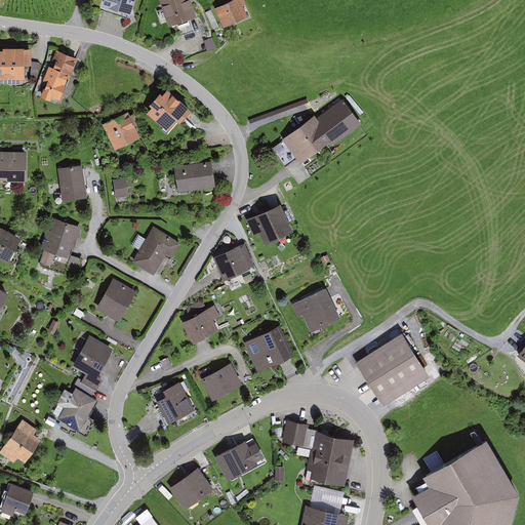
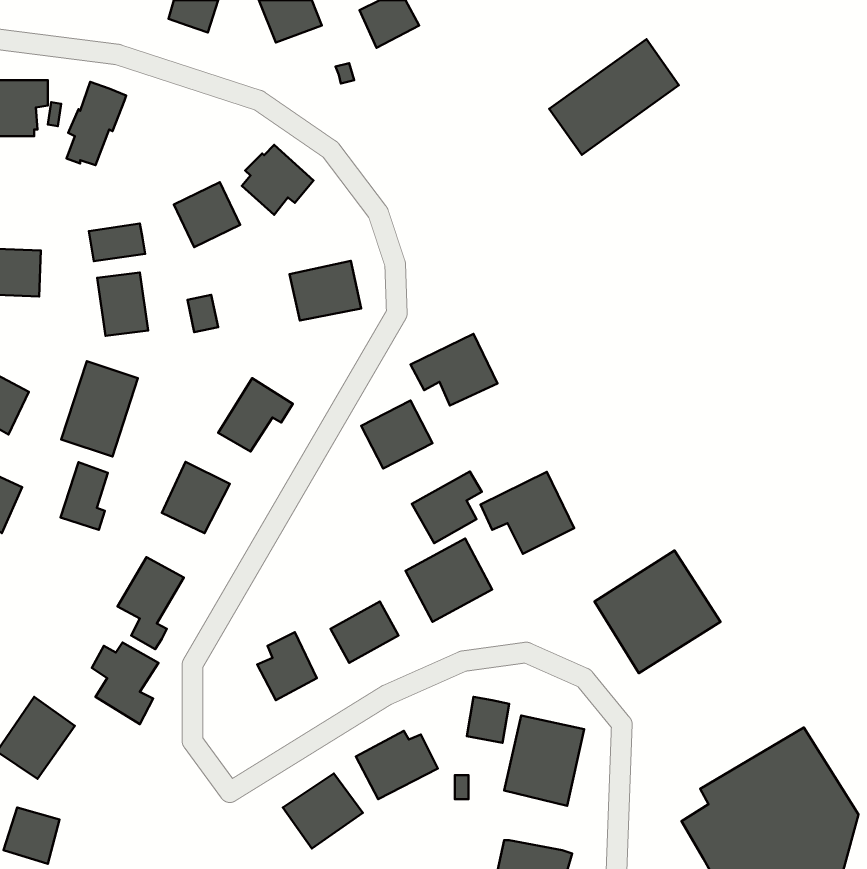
building: [285,97,363,167] -> [549,39,679,155]
building: none -> [89,224,145,261]
building: none -> [61,462,108,530]
building: [181,304,224,347] -> [412,472,482,543]
building: [307,486,342,513] -> none

